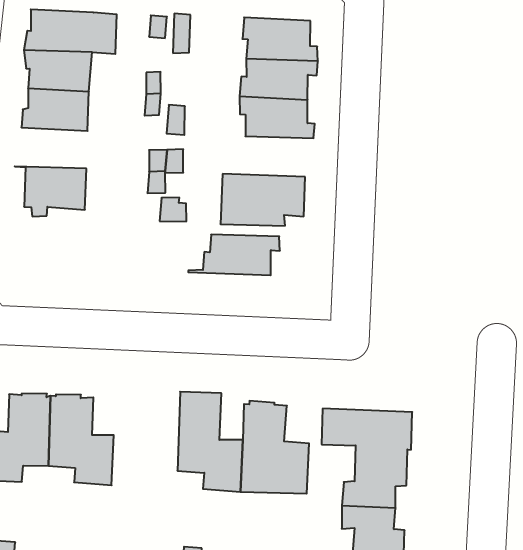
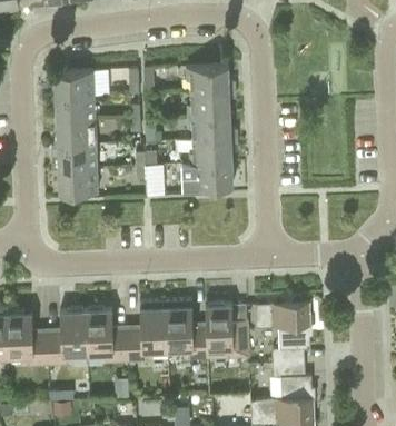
building: none -> [51,145,97,170]
building: [188,235,280,275] -> [181,138,237,165]
building: none -> [127,301,168,363]

